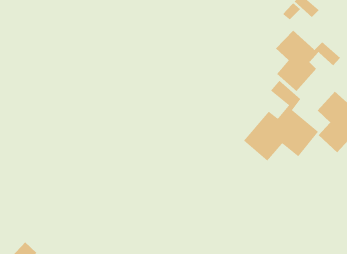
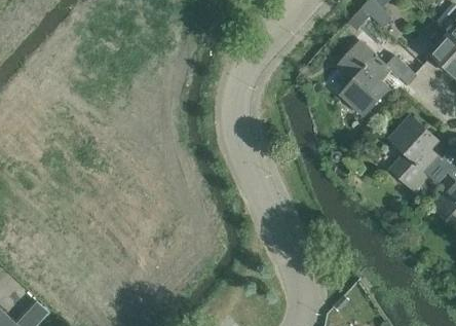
building: [243,80,319,162] -> none

